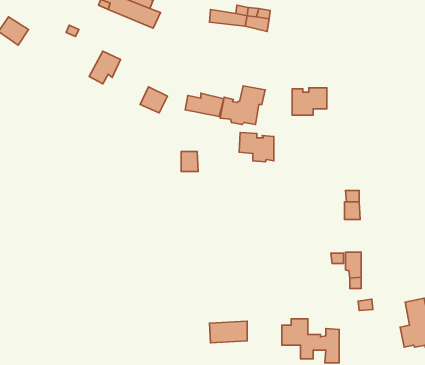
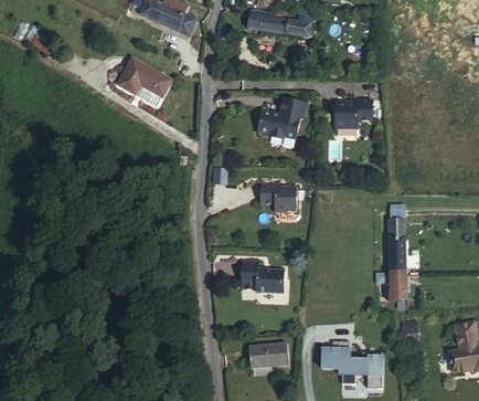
building: [140,87,168,113] -> [145,68,173,96]
building: [185,93,224,116] -> none
building: [239,132,274,162] -> [260,181,297,212]
building: none -> [390,238,407,272]
building: none -> [241,260,284,294]

